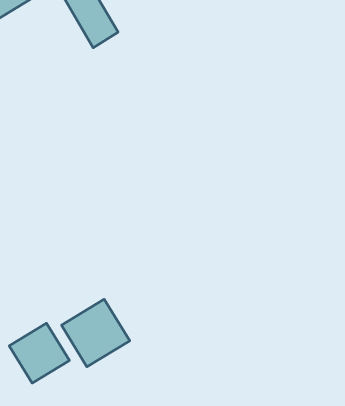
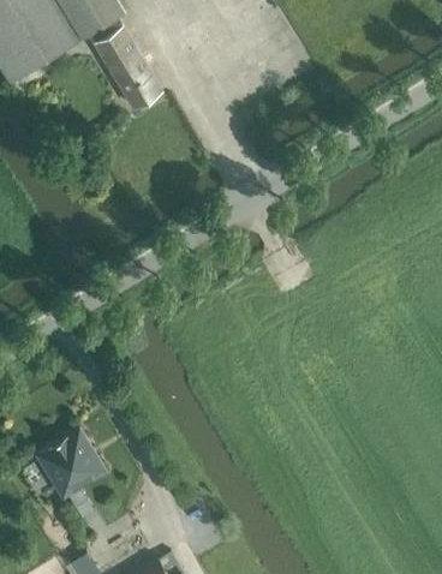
building: [61,299,130,367] -> none

